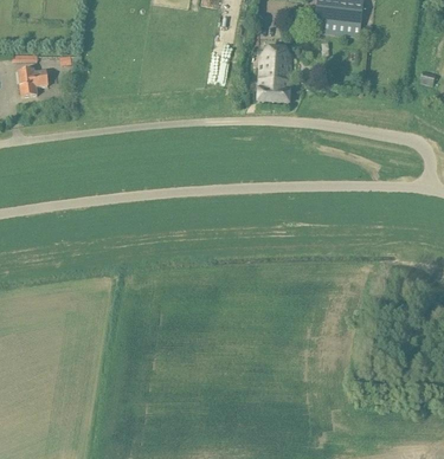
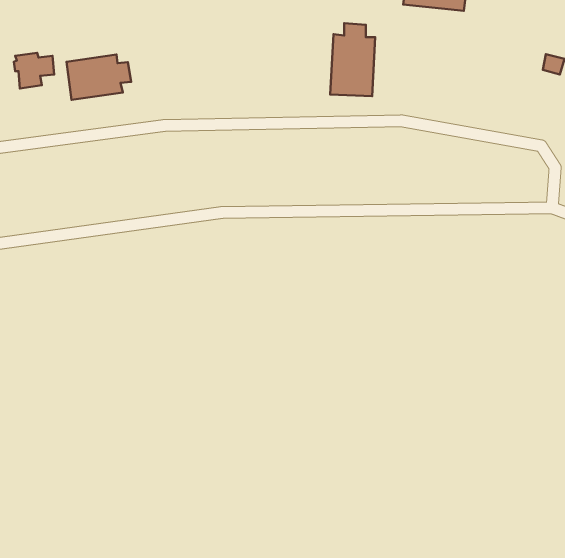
building: none -> [66,55,131,100]

